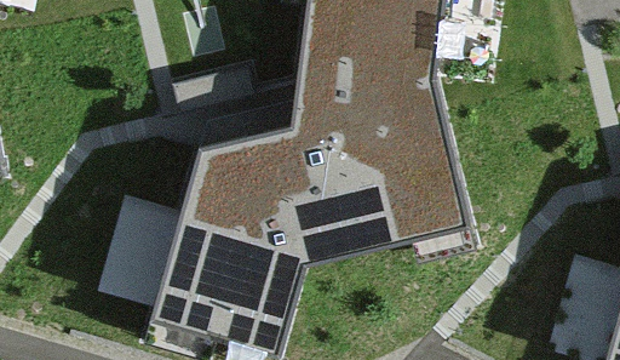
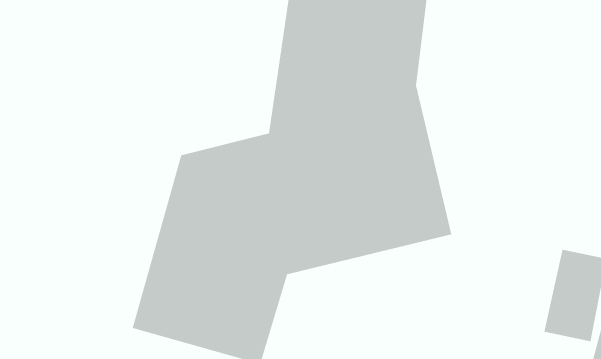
building: [108,184,168,286] -> none

